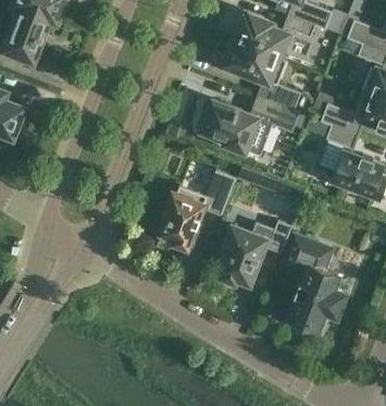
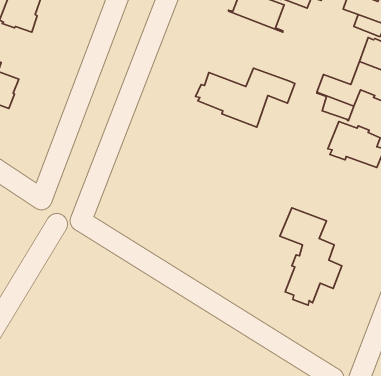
building: [224,40,300,110] -> none
building: [161,170,236,248] -> none
building: [221,220,292,282] -> none

